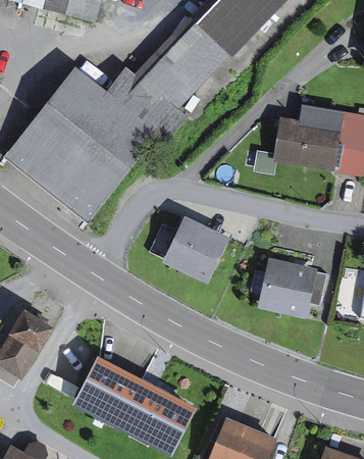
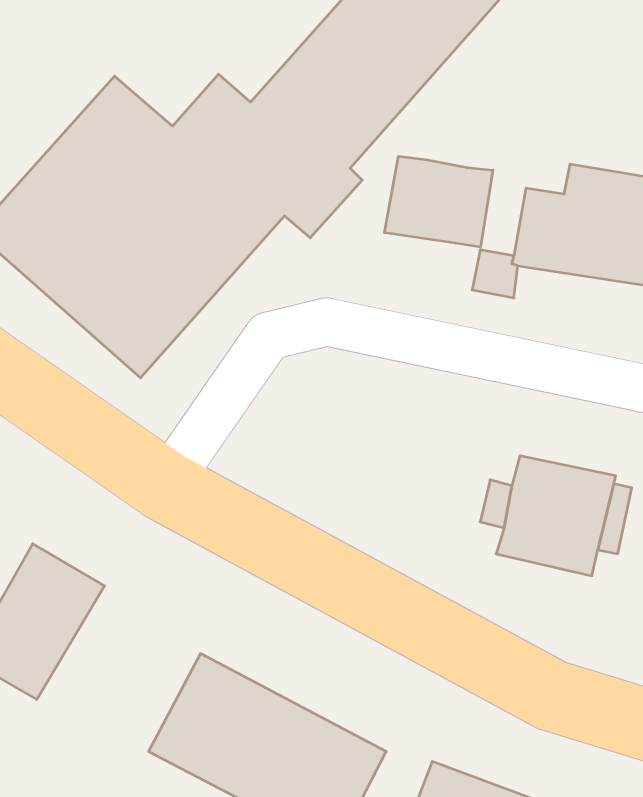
building: none -> [384,156,493,247]
building: [159,219,223,284] -> none

